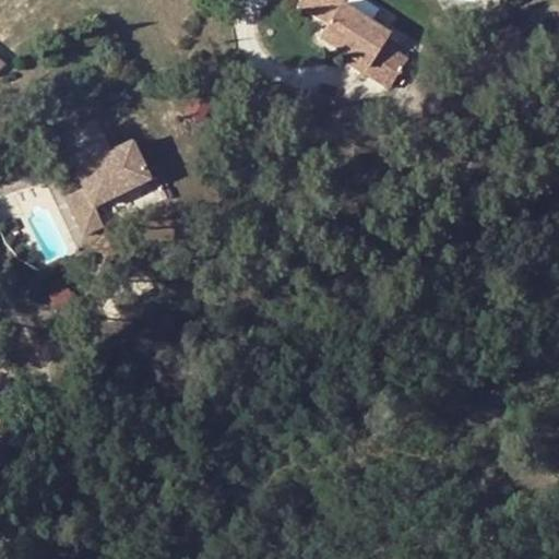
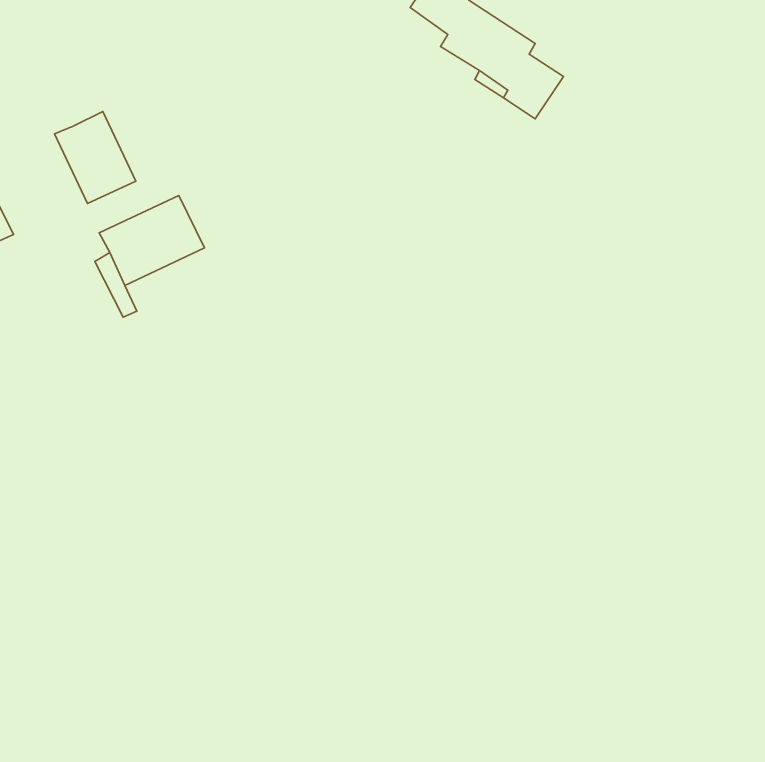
building: none -> [55,112,136,203]

